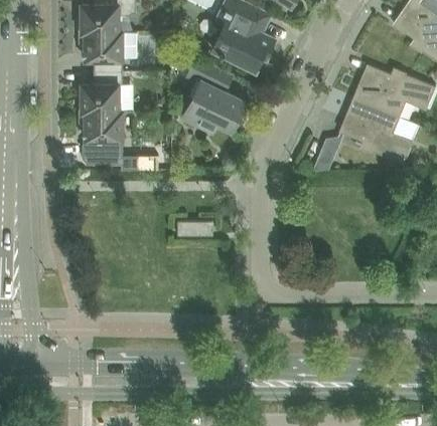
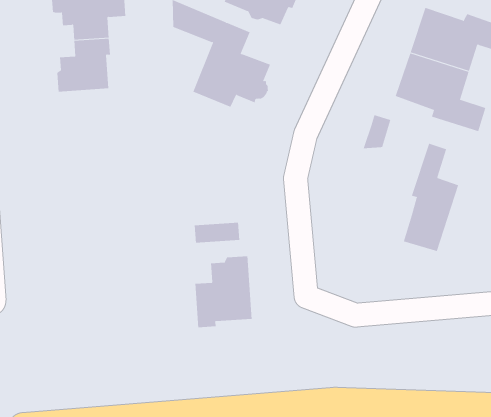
building: [79,110,158,169] -> none
building: none -> [403,143,459,252]
building: none -> [195,256,252,328]

